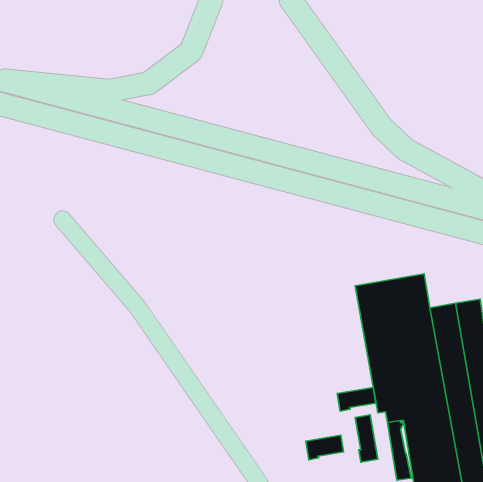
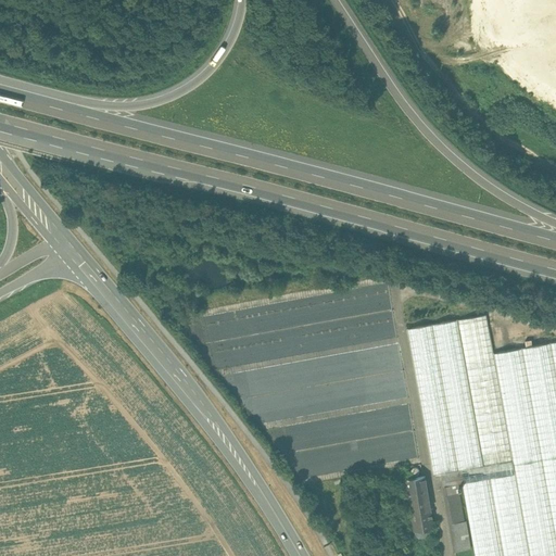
building: [337,387,376,411] -> none
building: [306,435,343,460] -> none

